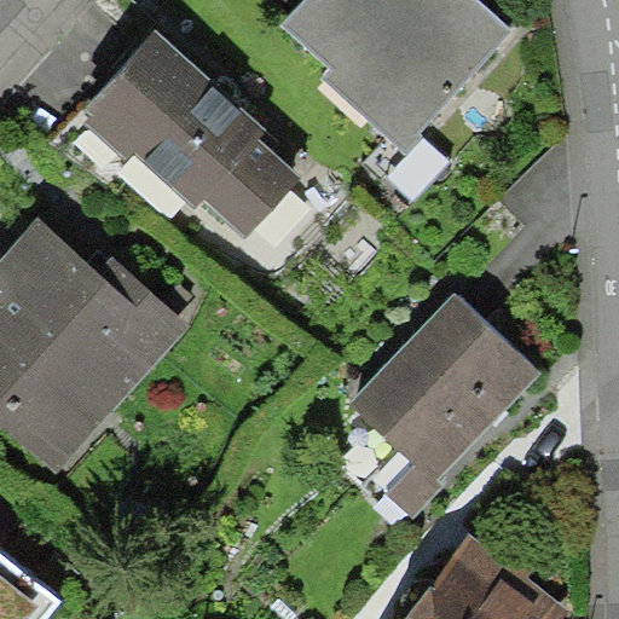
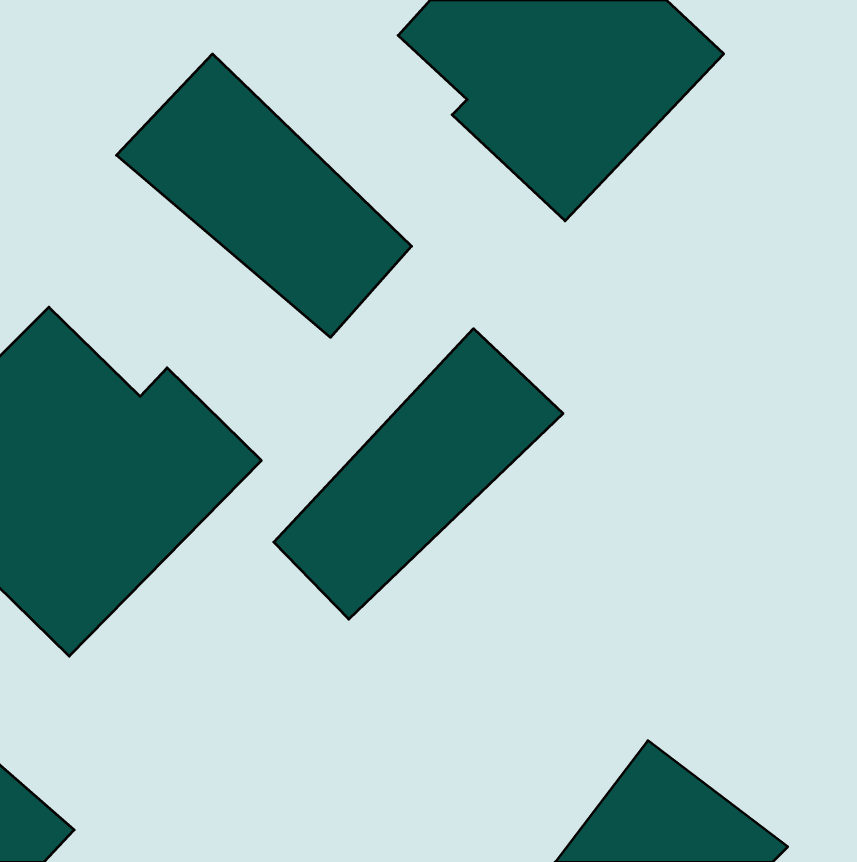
building: none -> [274,329,563,619]
building: [348,285,546,517] -> none

